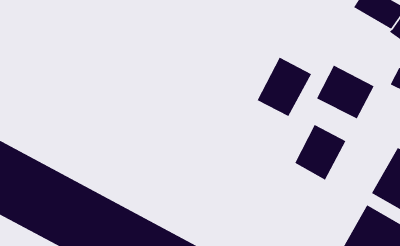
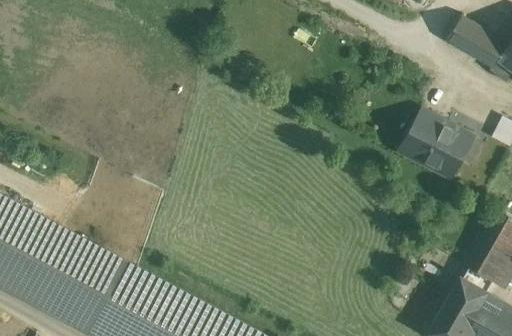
building: [257,57,312,117] -> none
building: [294,124,346,180] -> none

